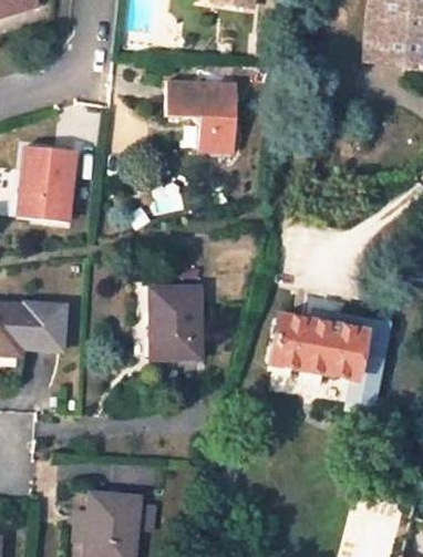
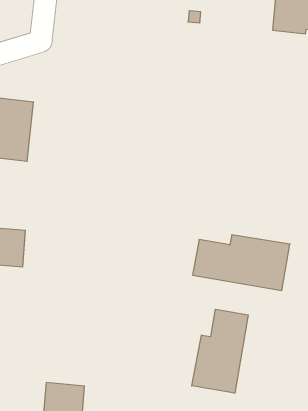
building: [166,79,237,153] -> none
building: [152,288,200,357] -> none
building: none -> [192,309,248,393]

